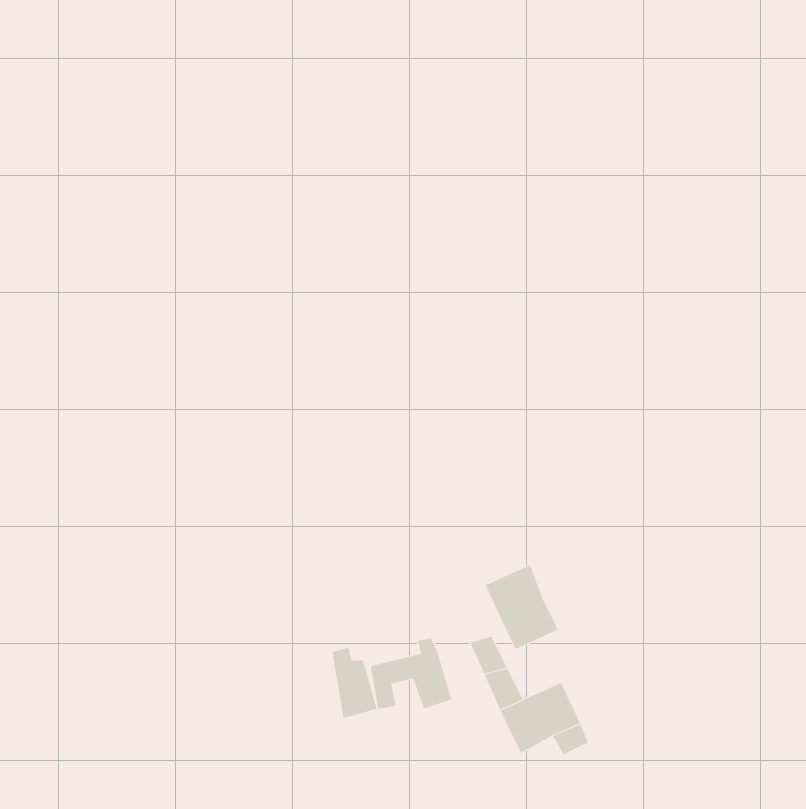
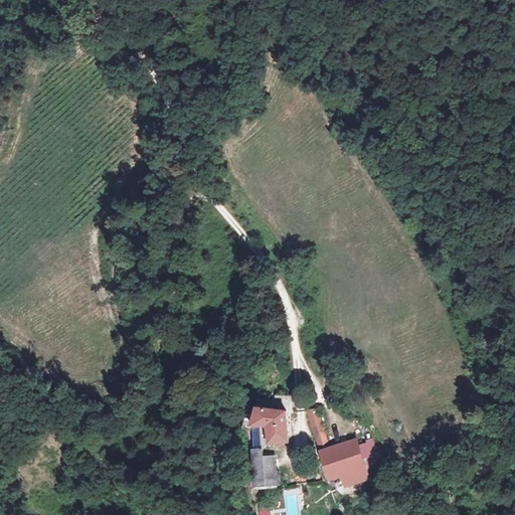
building: [485,565,558,650] -> none
building: [332,647,378,719] -> [253,452,283,497]

